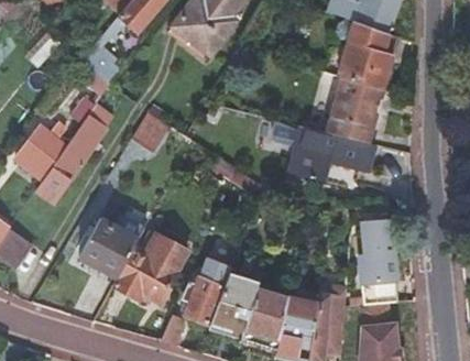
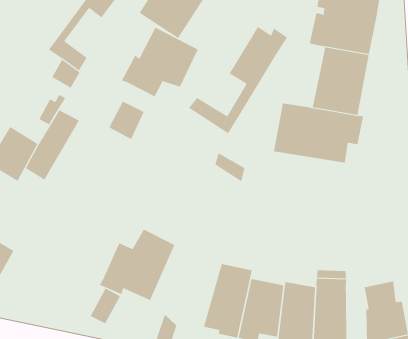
building: none -> [121,27,198,97]
building: none -> [188,26,288,134]
building: [78,216,138,275] -> none
building: [356,218,398,304] -> none
building: [184,263,231,324] -> none

